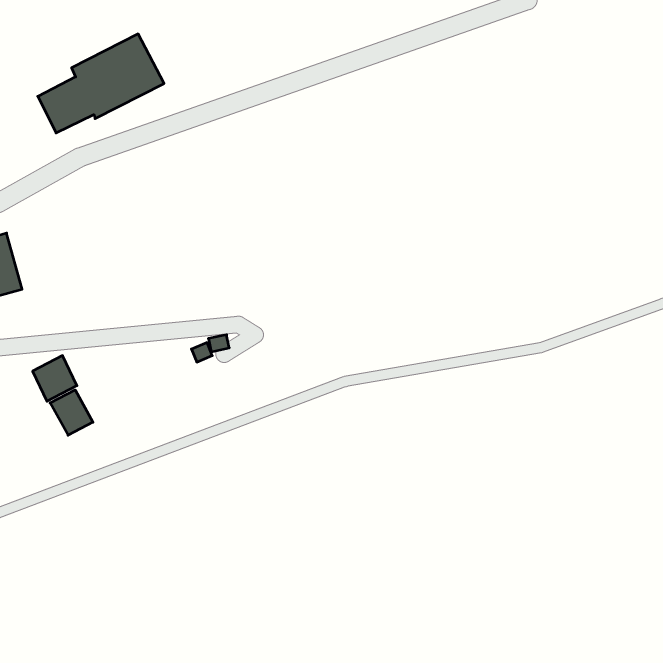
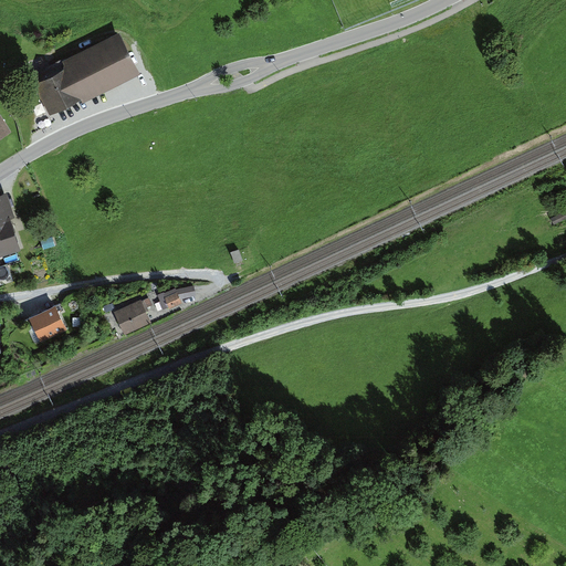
building: none -> [112,301,149,336]
building: [50,390,93,435] -> none

